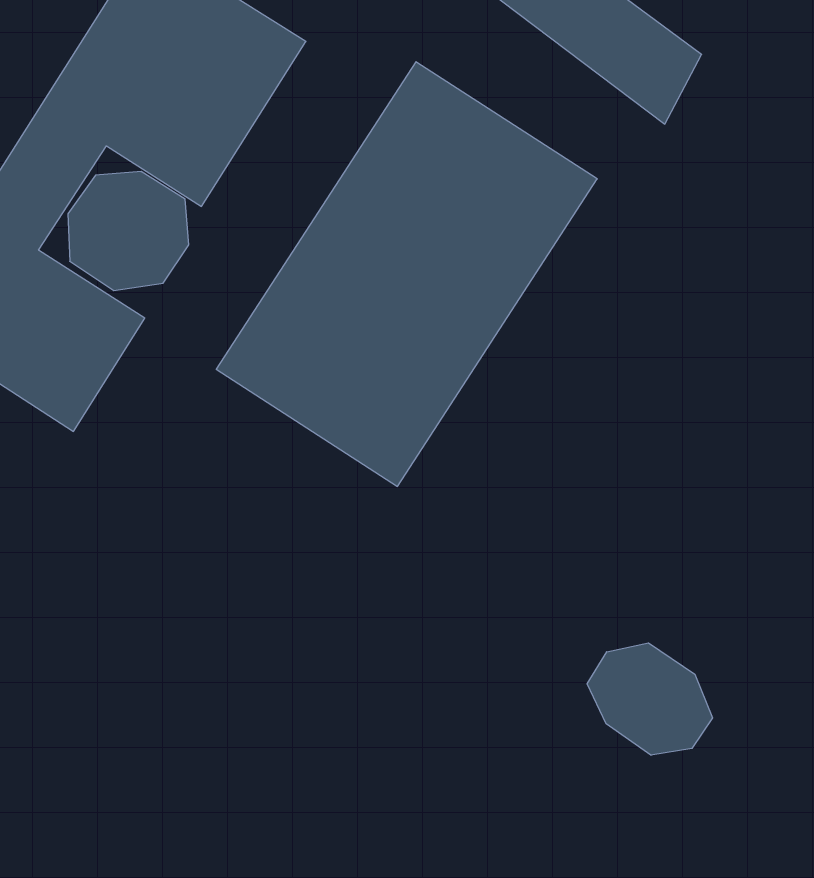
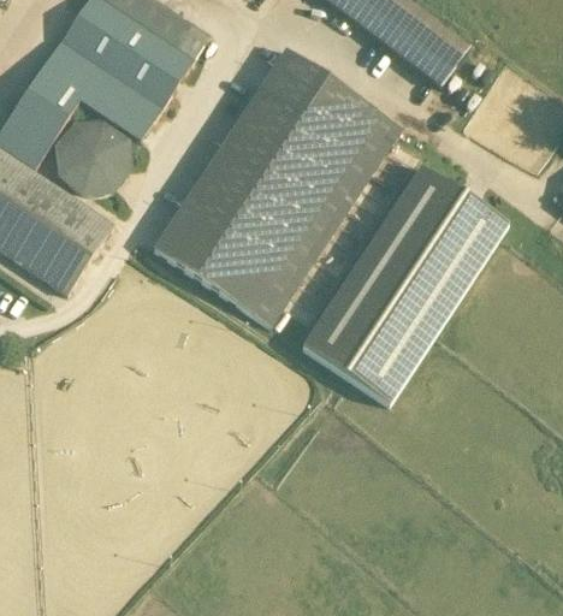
building: none -> [300,165,515,408]
building: [587,643,712,755] -> none

